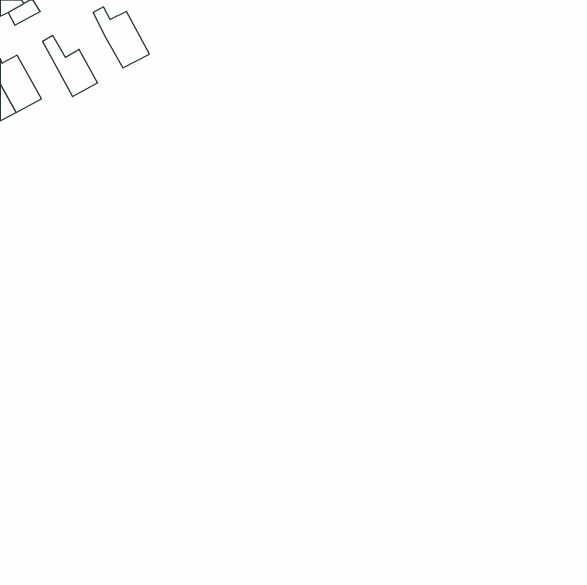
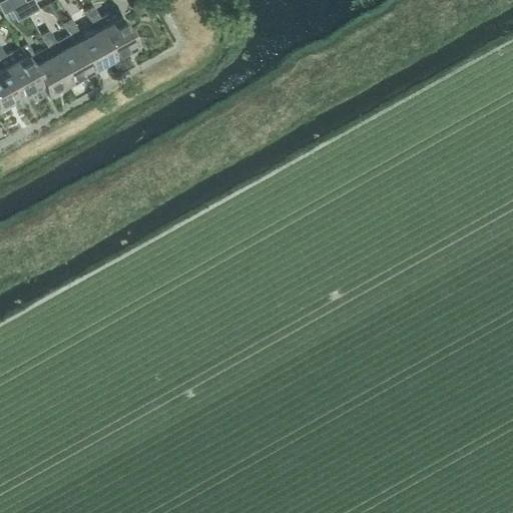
building: none -> [59,21,107,74]
building: none -> [15,45,63,98]

